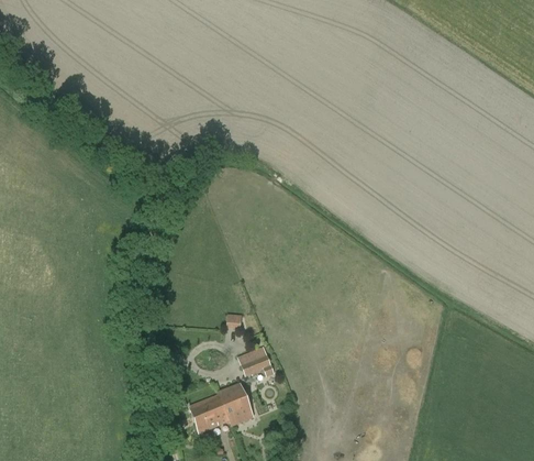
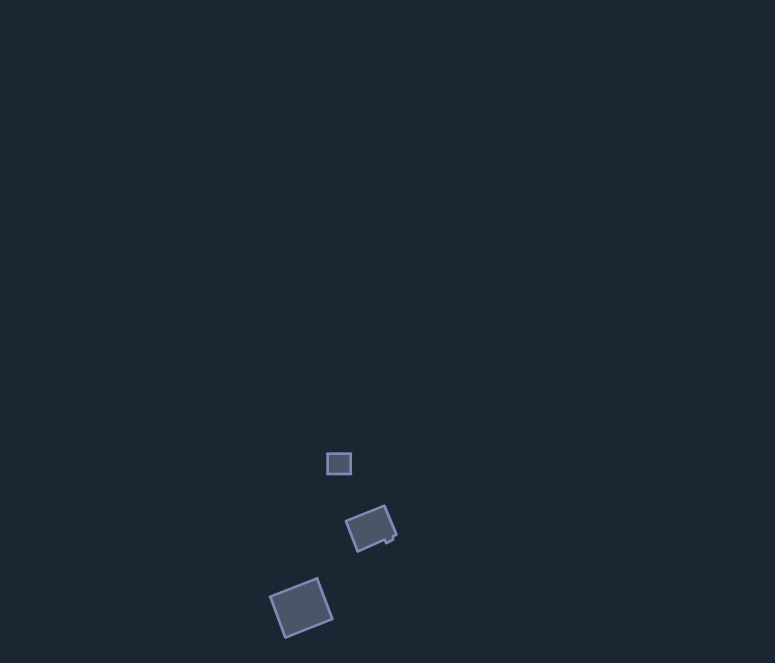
building: [219,384,254,425] -> none

